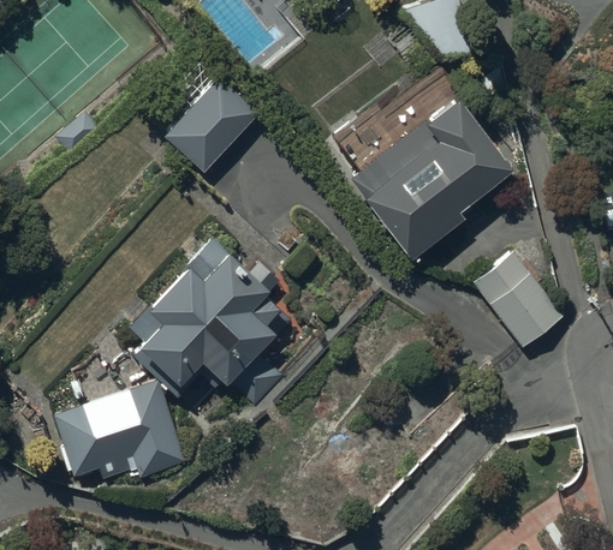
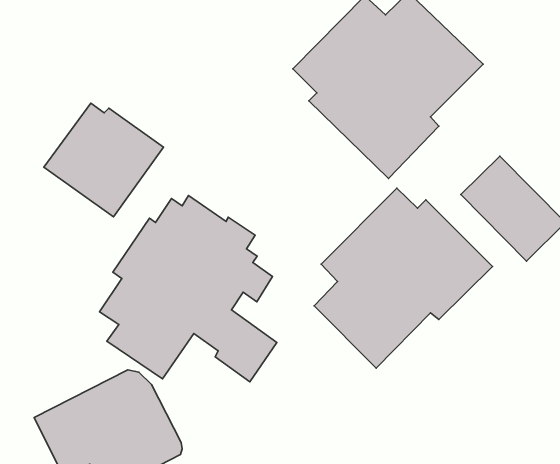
building: [149,66,260,172] -> [44,103,163,217]
building: none -> [314,188,493,368]

